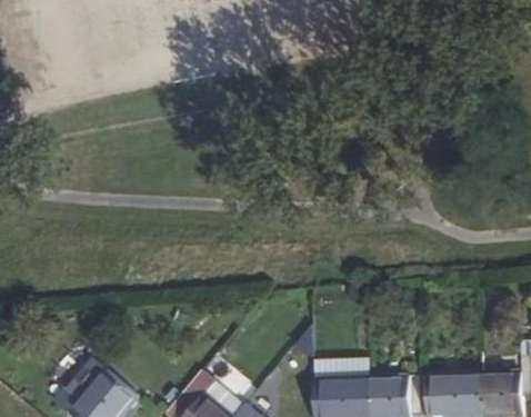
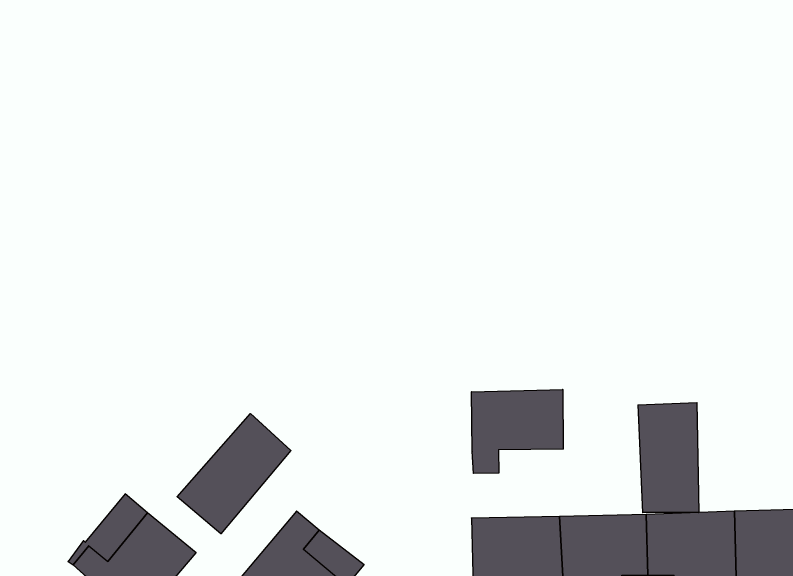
building: none -> [472,389,563,473]
building: none -> [638,403,699,513]
building: none -> [177,414,291,534]

